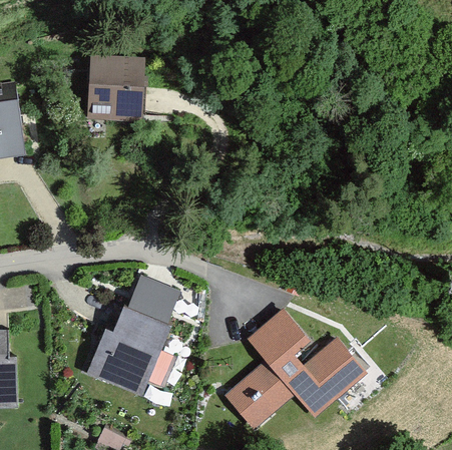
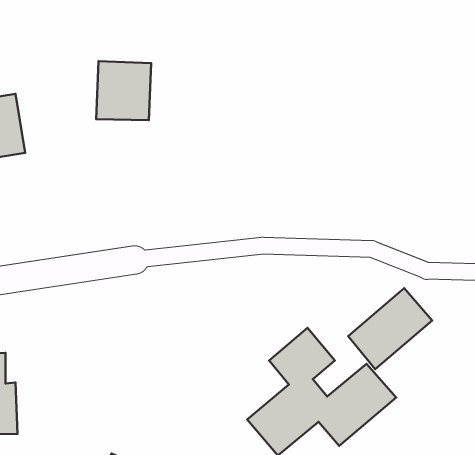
building: none -> [348,288,432,369]
building: [88,276,177,393] -> none

